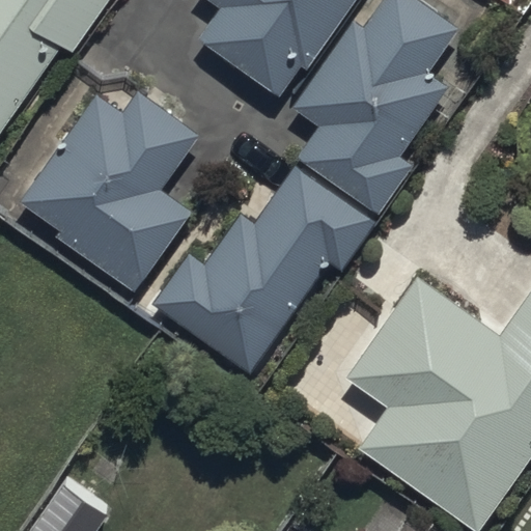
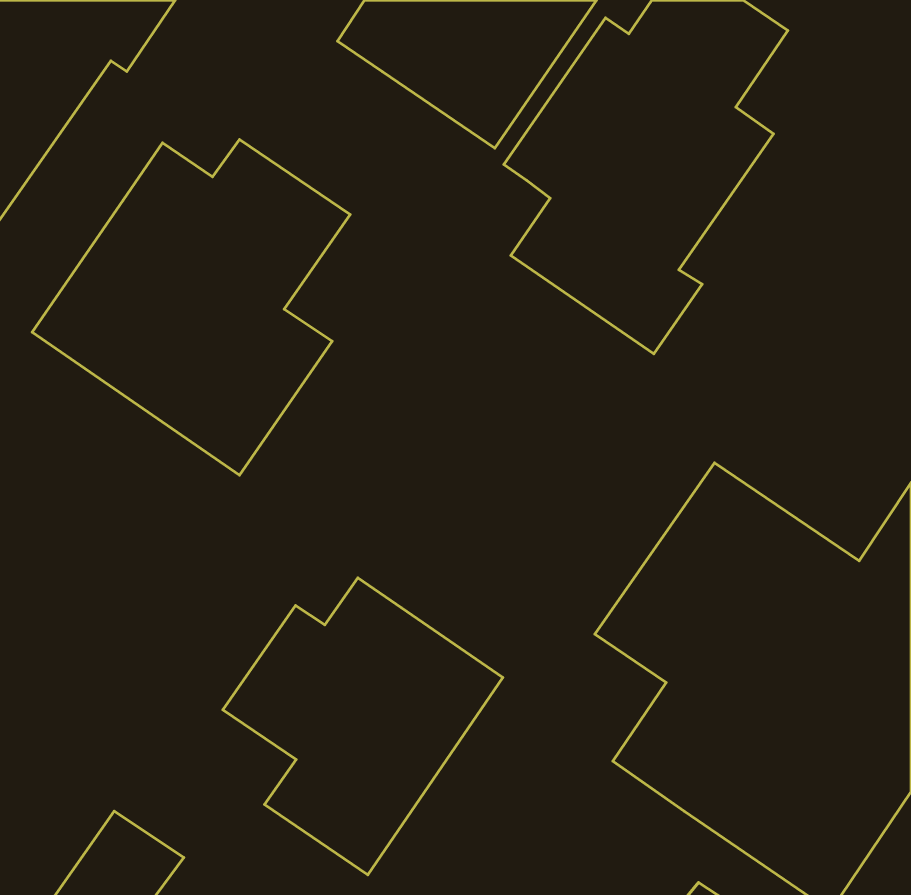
building: [155,165,364,370] -> none
building: none -> [223,578,503,875]

